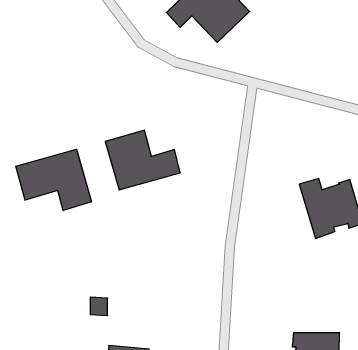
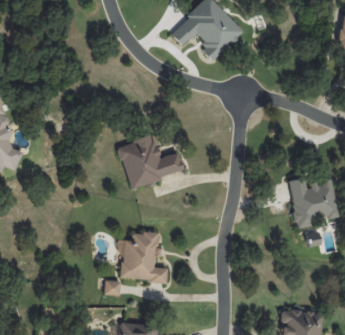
building: [16,149,91,211] -> none
building: none -> [119,232,167,281]

